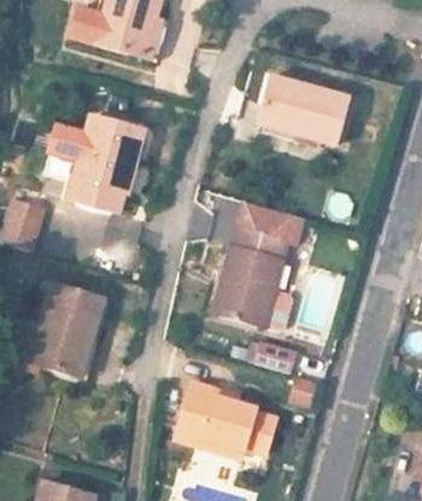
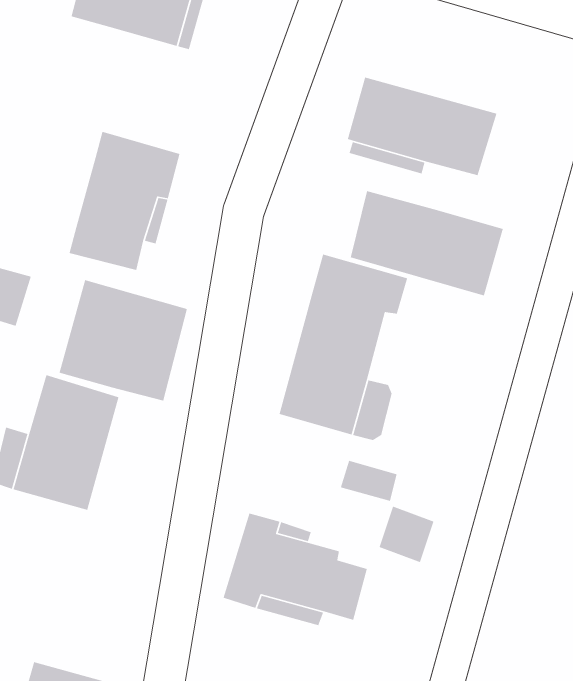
building: [44,124,86,181] -> none
building: none -> [350,190,504,296]
building: none -> [58,279,188,401]

